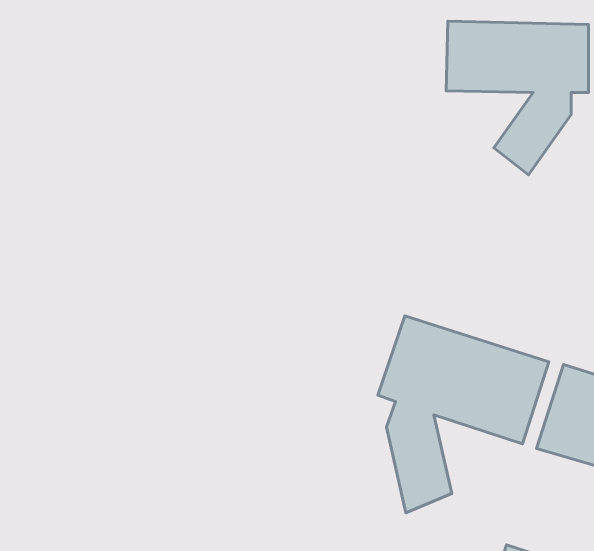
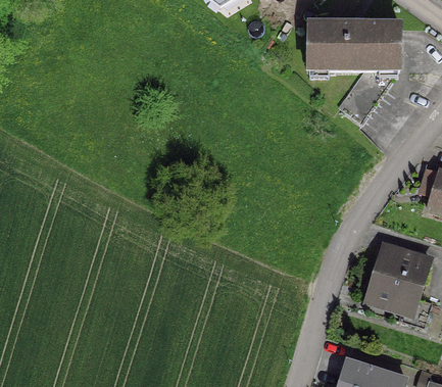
building: [378,316,549,513] -> none

